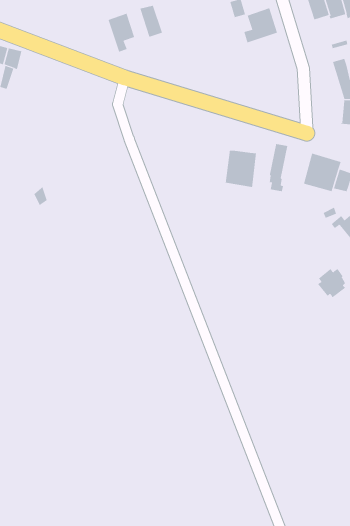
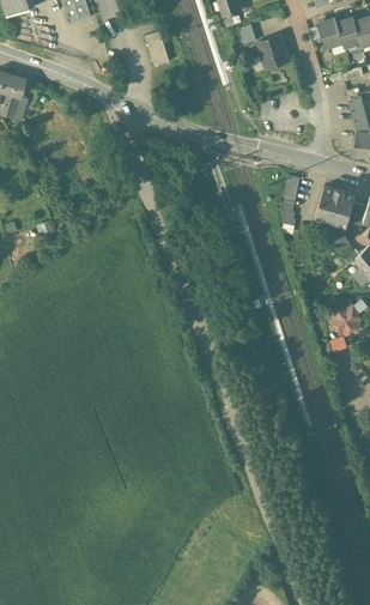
building: [108,13,135,53] -> none
building: [225,150,256,188] -> none

